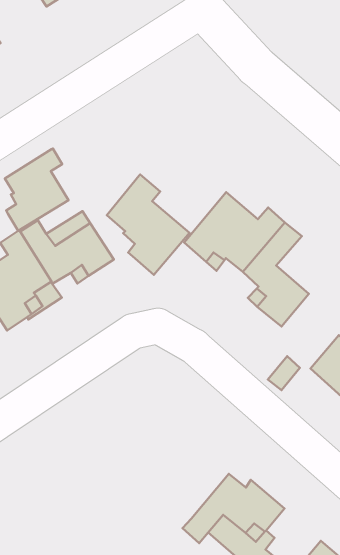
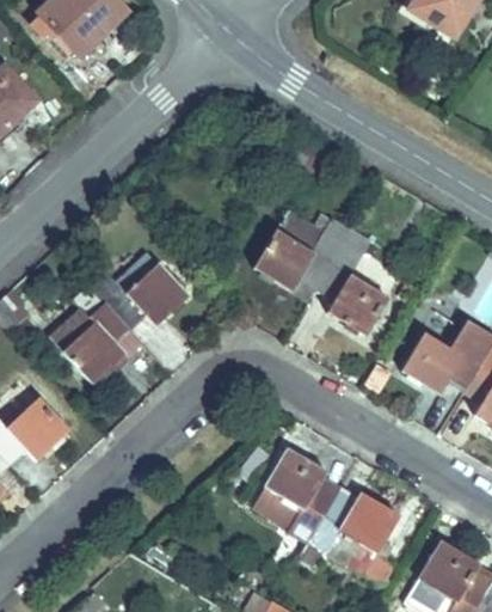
building: [5,148,69,231] -> none
building: [107,174,190,275] -> none
building: none -> [254,448,338,541]

